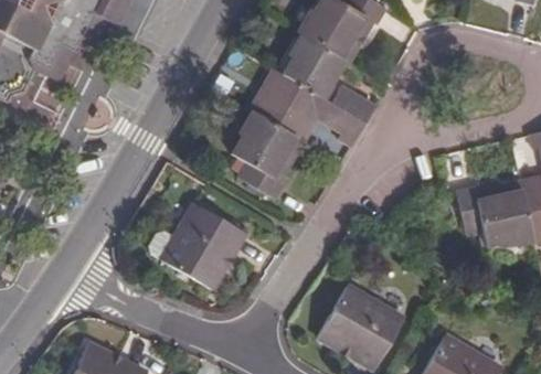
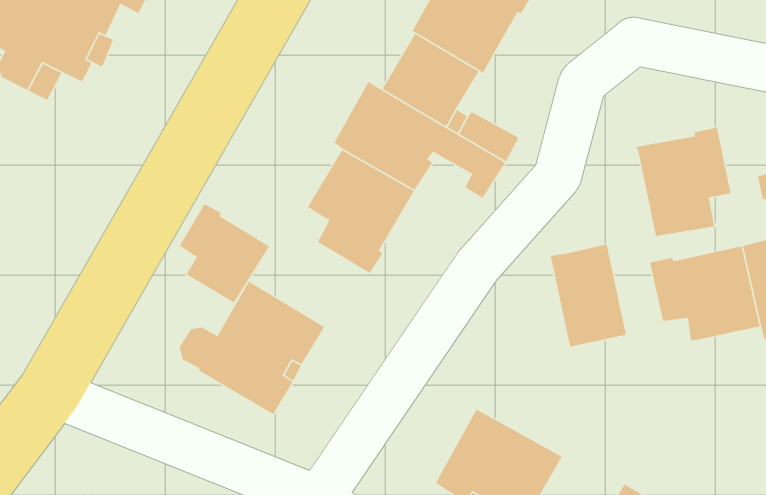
building: none -> [636,127,732,237]
building: none -> [179,203,270,303]
building: none -> [550,243,627,347]

